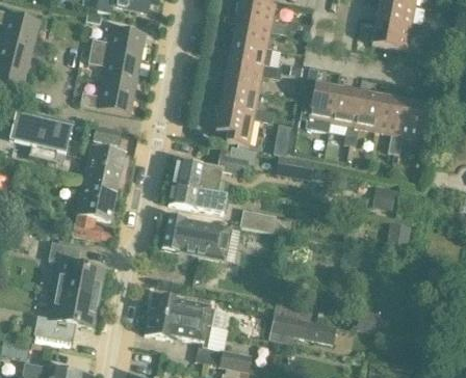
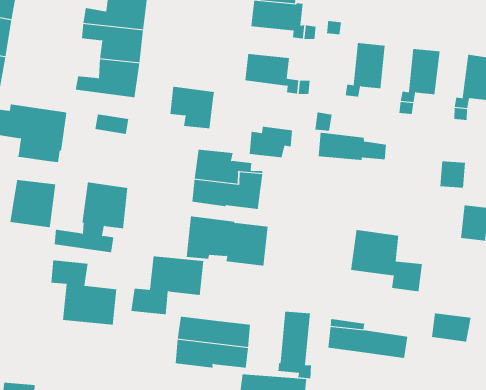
building: [225,63,263,91] -> none
building: [332,87,360,127] -> none
building: [376,96,405,135] -> none
building: [216,107,255,144] -> [169,86,215,129]
building: [85,145,126,187] -> [10,180,56,228]
building: [241,210,278,232] -> none
building: none -> [351,229,423,292]
building: [34,291,98,340] -> [130,256,204,315]
building: none -> [278,311,312,379]

